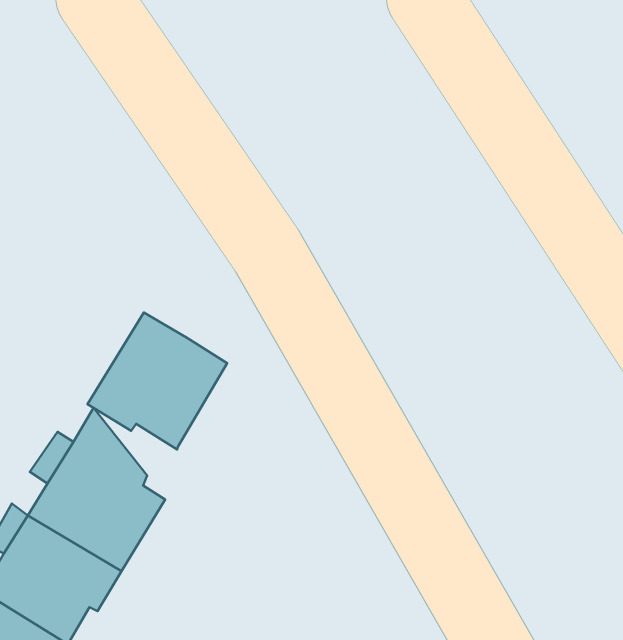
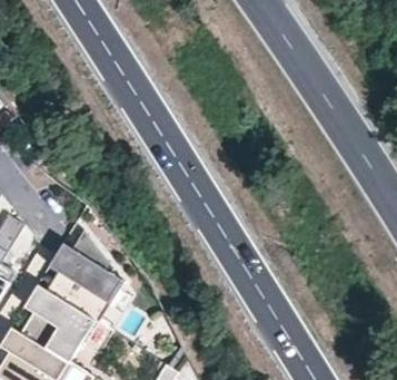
building: [87,313,227,450] -> none

